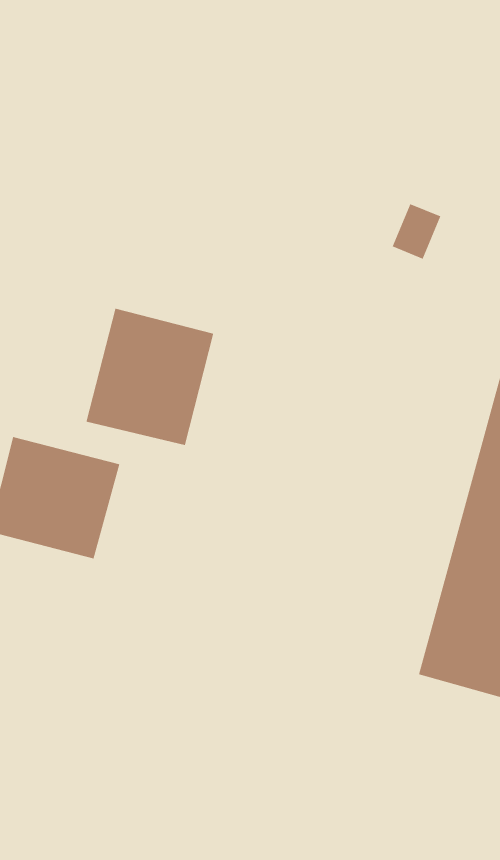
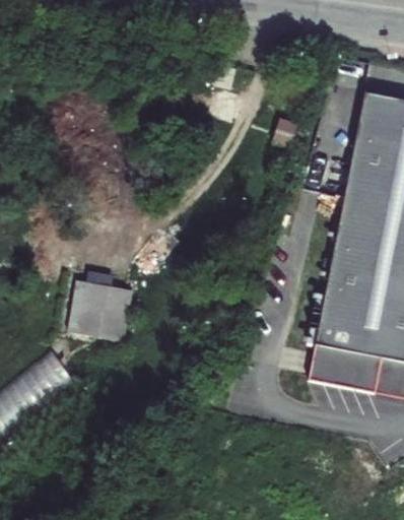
building: [86,308,214,446] -> none

